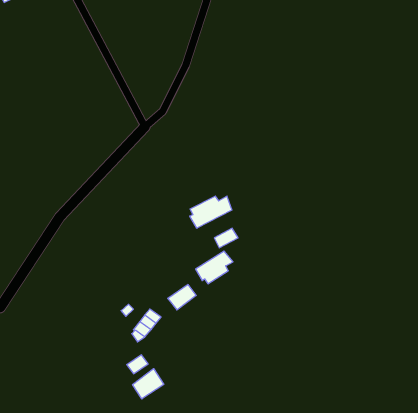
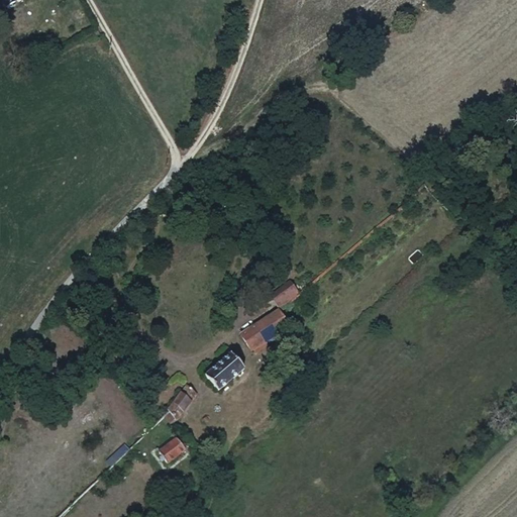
building: [190,196,232,228] -> none
building: [133,369,164,399] -> none

